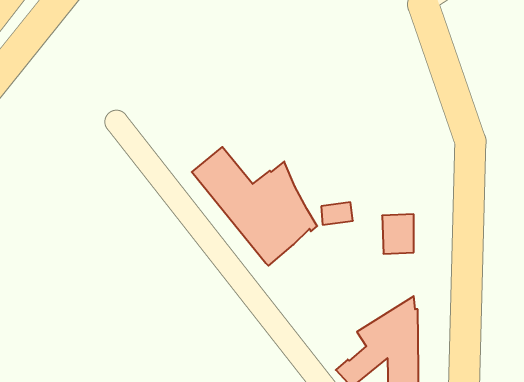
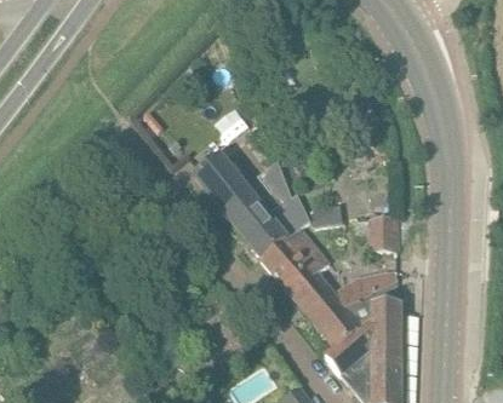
building: none -> [264,229,398,350]

